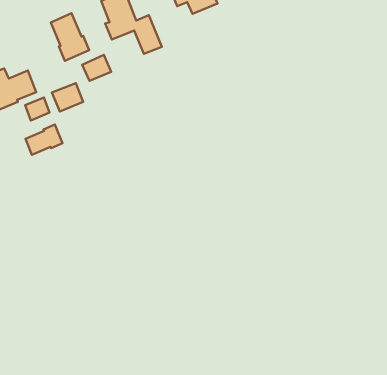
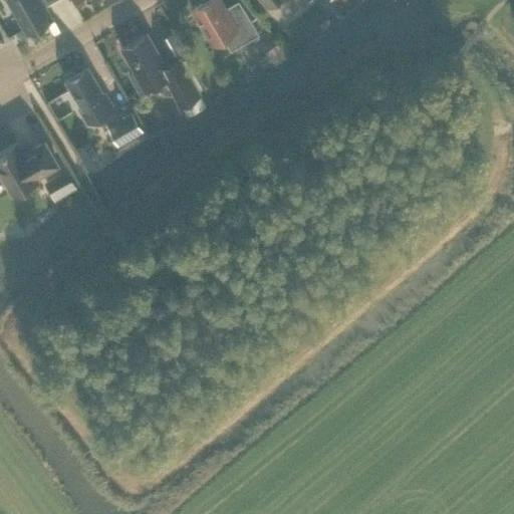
building: [52,83,83,111] -> none
building: [26,124,63,155] -> none

